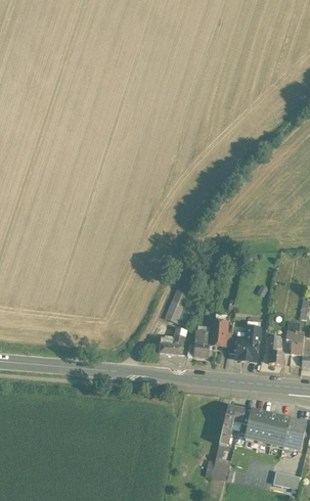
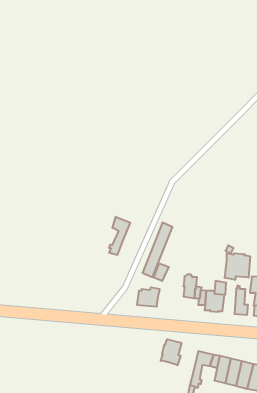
building: none -> [109,217,130,255]
building: none -> [225,253,250,280]
building: [194,330,213,358] -> none
building: none -> [161,339,181,365]

